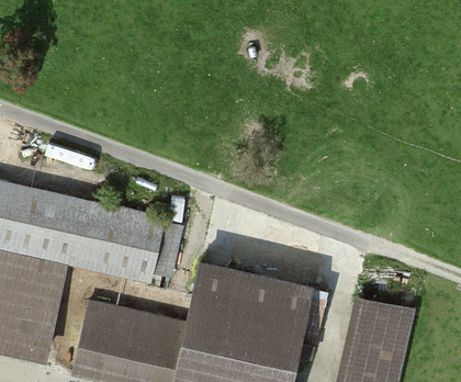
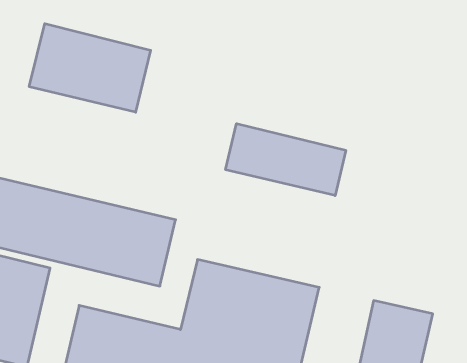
building: none -> [29,24,151,112]
building: none -> [226,124,346,196]

